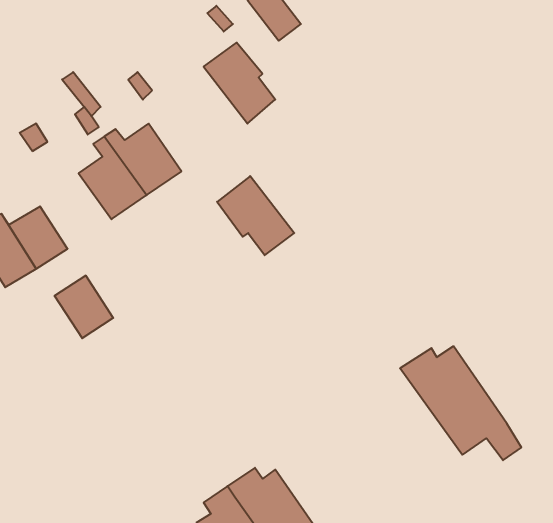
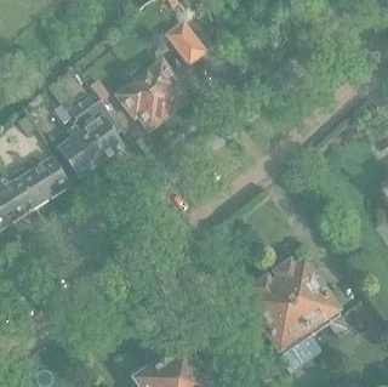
building: [217,176,294,255] -> [116,76,167,129]
building: [54,276,113,338] -> [30,155,69,197]
building: none -> [245,275,309,363]

